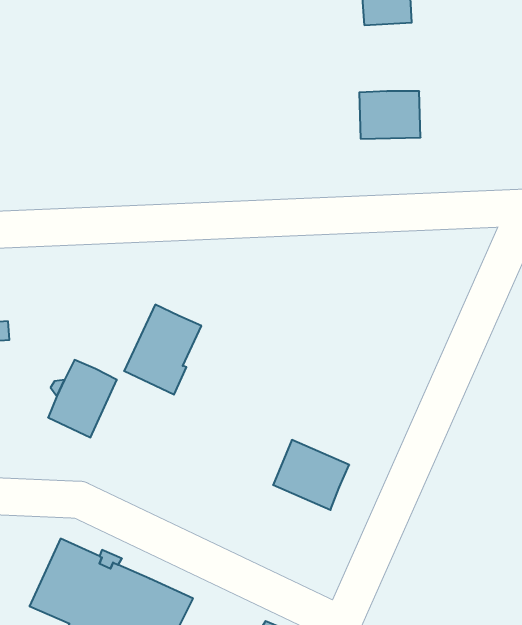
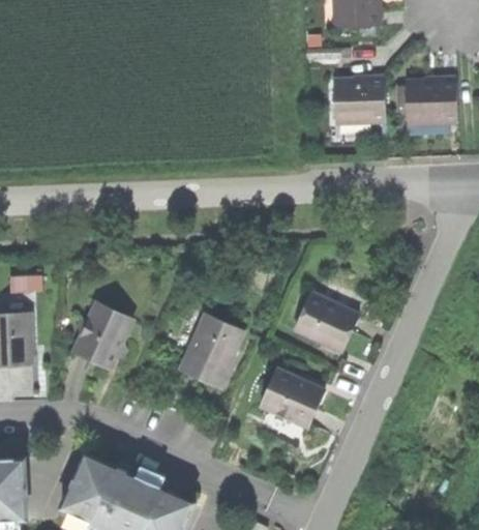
building: none -> [406,80,456,120]
building: [124,305,201,395] -> [179,315,243,389]
building: none -> [290,292,359,353]

